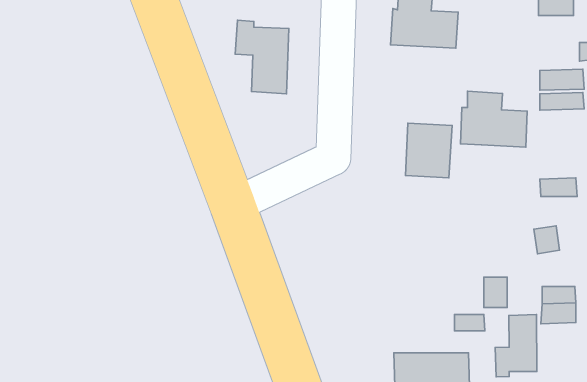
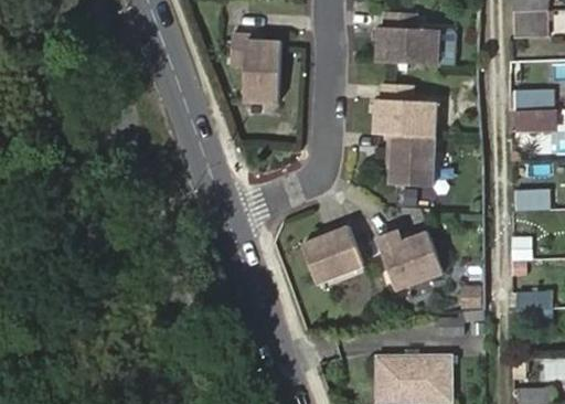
building: [461,91,527,147] -> [372,85,435,138]
building: none -> [299,225,361,283]
building: none -> [375,228,441,289]
building: [495,315,537,377] -> none

